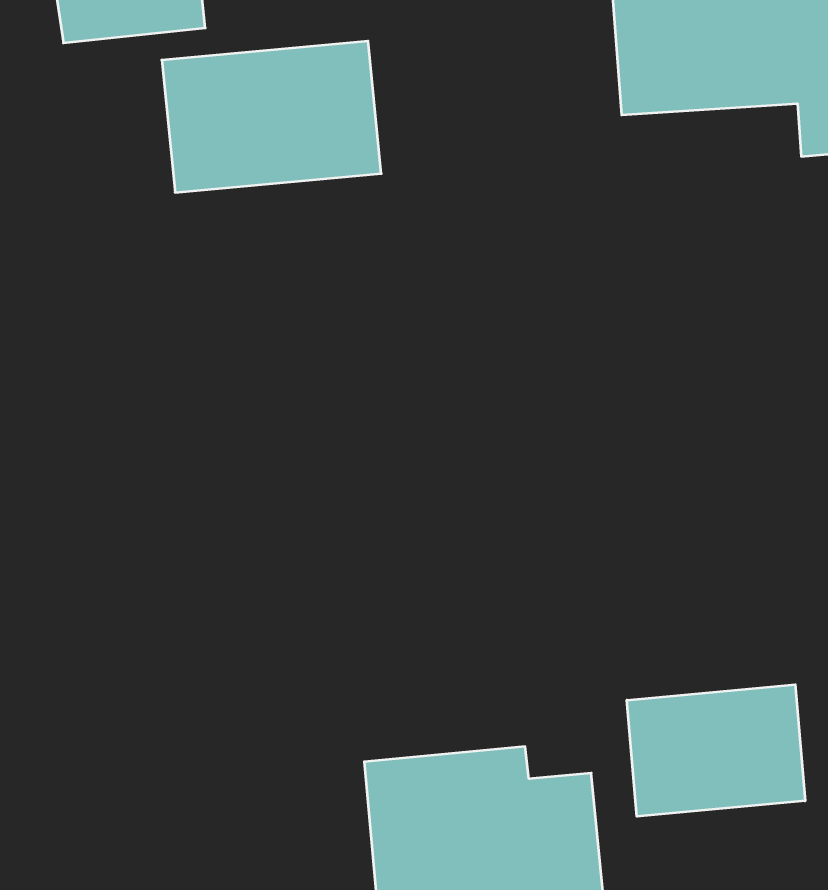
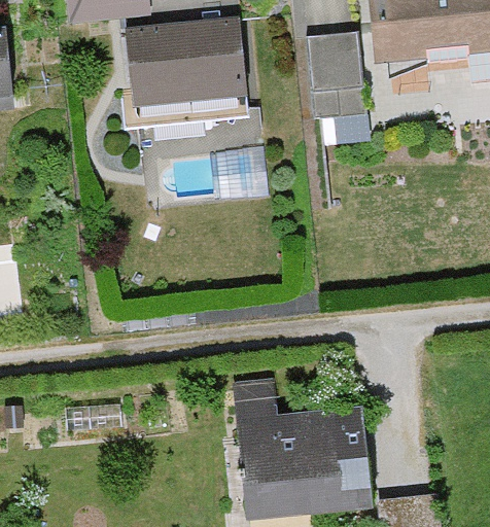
building: none -> [308,31,363,117]
building: [627,685,805,816] -> none

